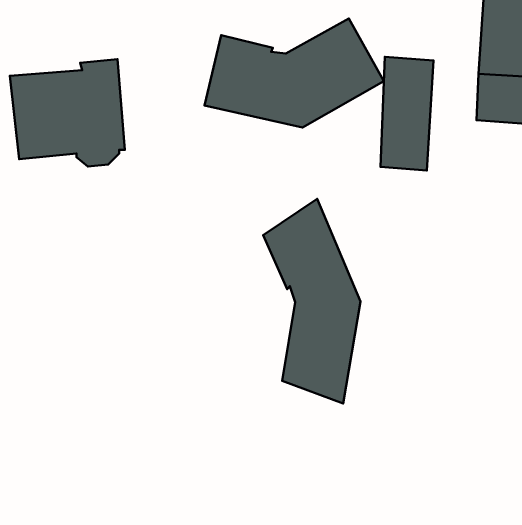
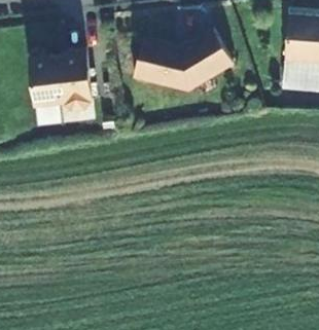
building: [380,57,433,170] -> none
building: [263,199,360,403] -> none

